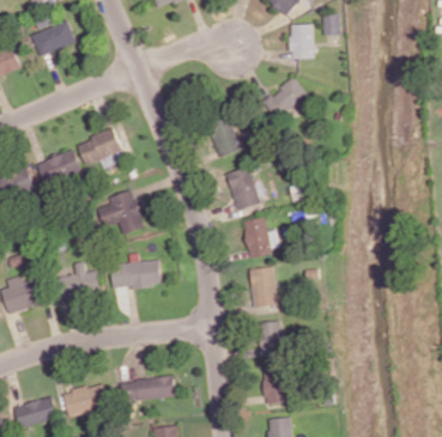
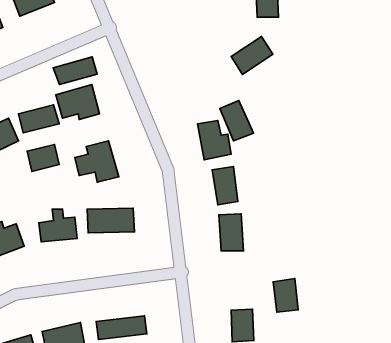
building: none -> [53,57,97,85]
building: [206,115,242,158] -> [220,101,254,141]
building: none -> [27,144,59,171]
building: [258,320,284,356] -> [273,278,298,312]

